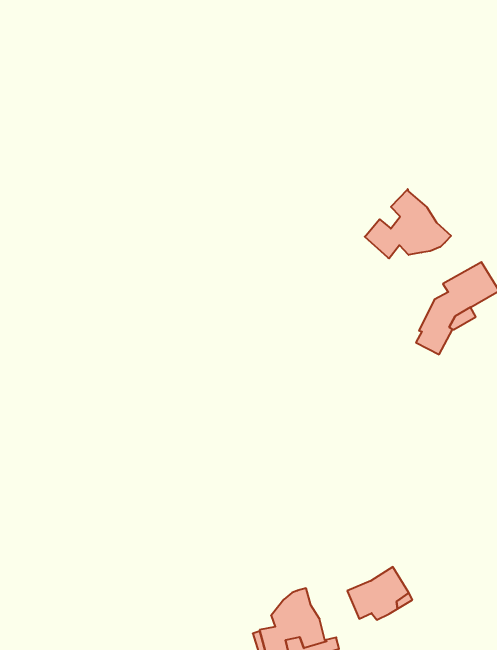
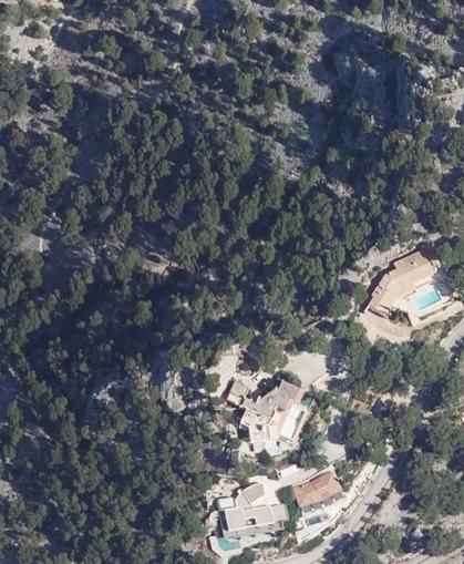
building: [365,189,451,258] -> none
building: none -> [216,380,313,445]

